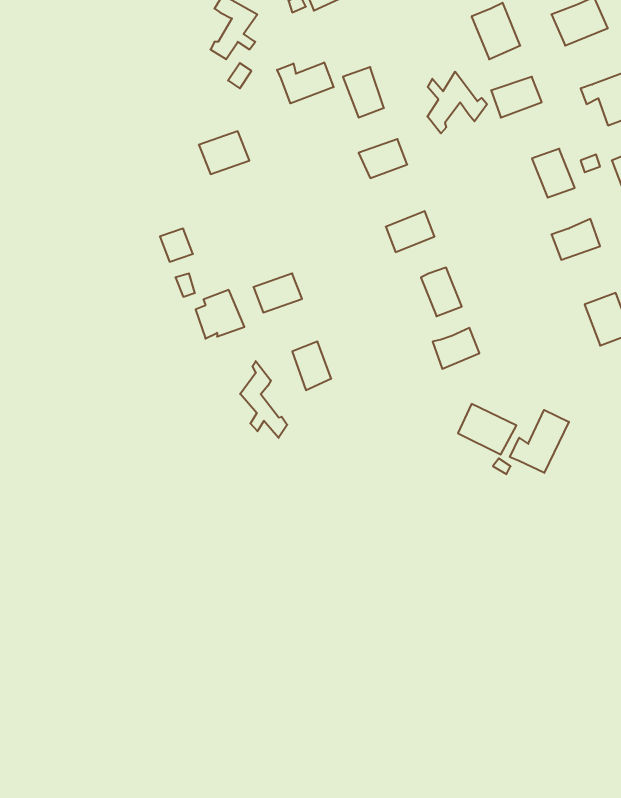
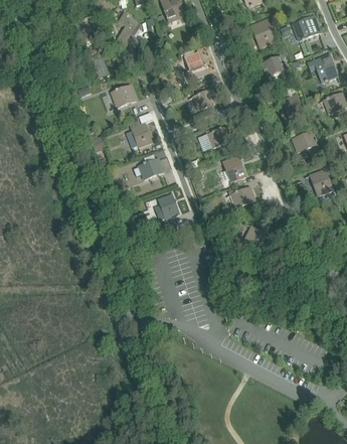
building: [277,62,334,103] -> none
building: [427,72,487,133] -> none
building: [196,290,244,339] -> [127,122,152,147]
building: [240,361,287,438] -> none
building: [510,410,569,473] -> none

